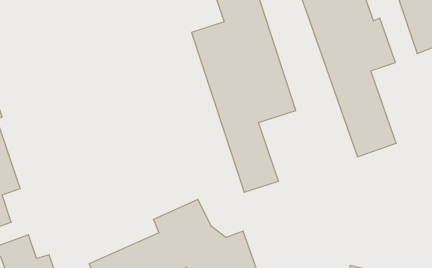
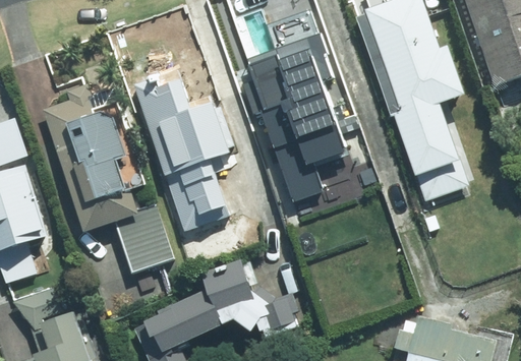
building: none -> [133,69,233,232]
building: none -> [42,92,169,272]

